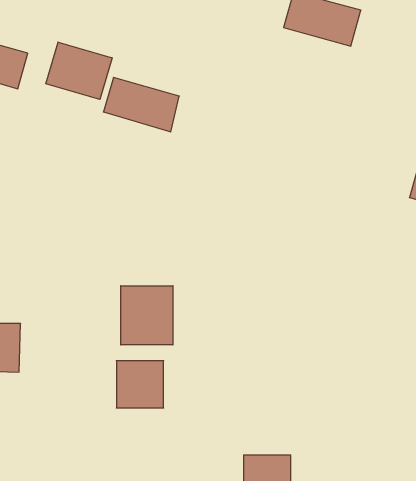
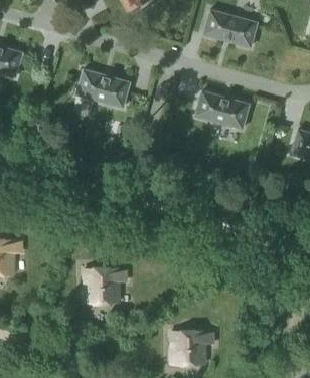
building: [46,42,112,99] -> none
building: none -> [196,90,250,129]
building: [121,286,173,345] -> none

